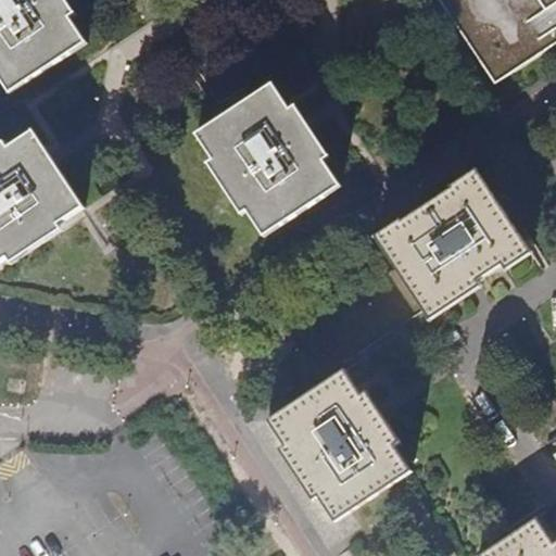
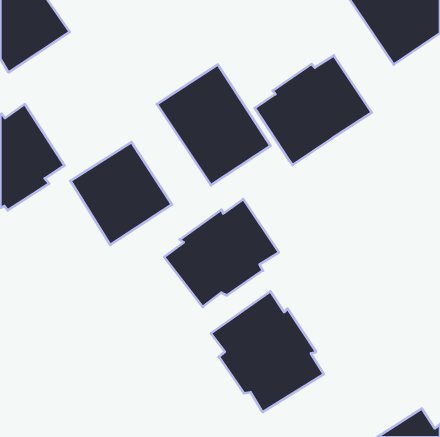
building: [378,175,526,313] -> [255,55,372,165]
building: none -> [70,142,172,245]
building: none -> [164,199,279,307]

